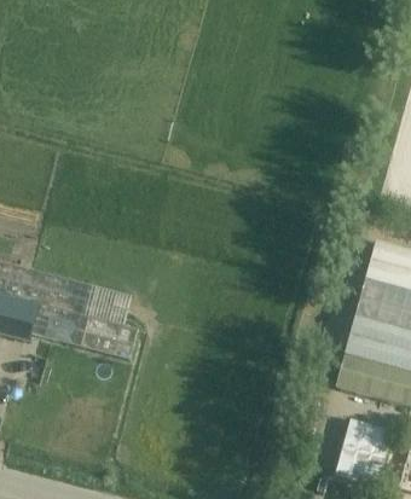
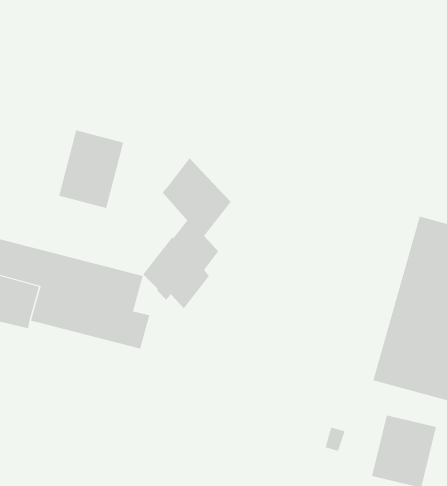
building: none -> [59,130,124,209]
building: none -> [142,158,231,309]

